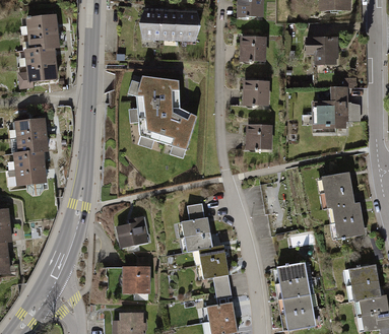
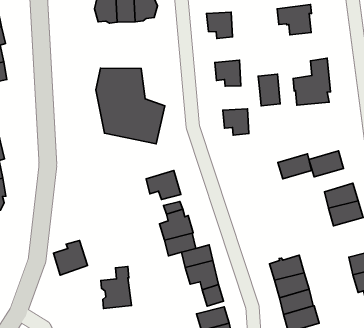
building: none -> [258,74,280,106]
building: none -> [146,170,181,200]
building: [324,188,353,208] -> [278,154,311,179]
building: [117,217,146,247] -> [54,240,88,275]

